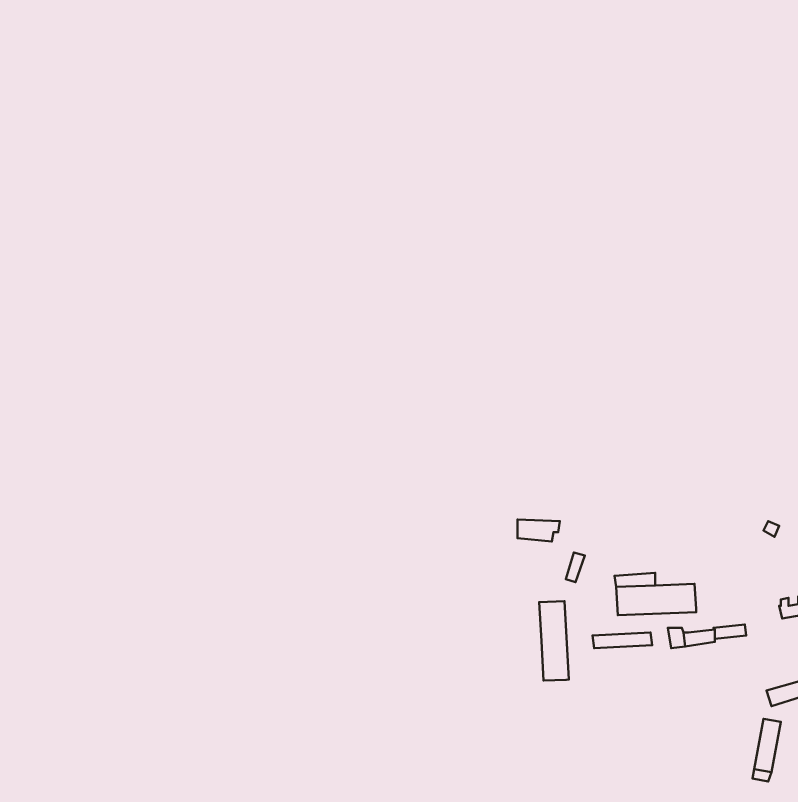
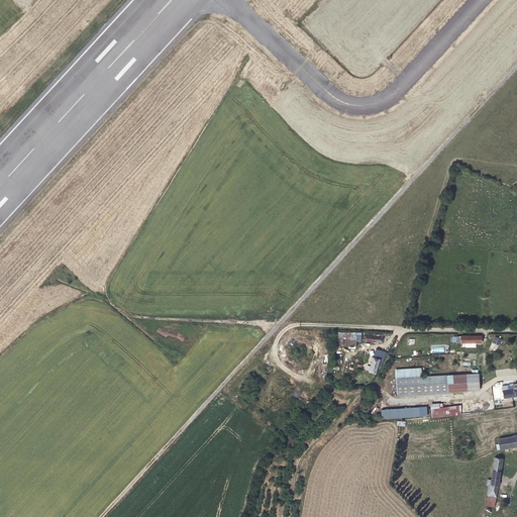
building: none -> [449,374,482,392]
building: [539,601,569,680] -> none

